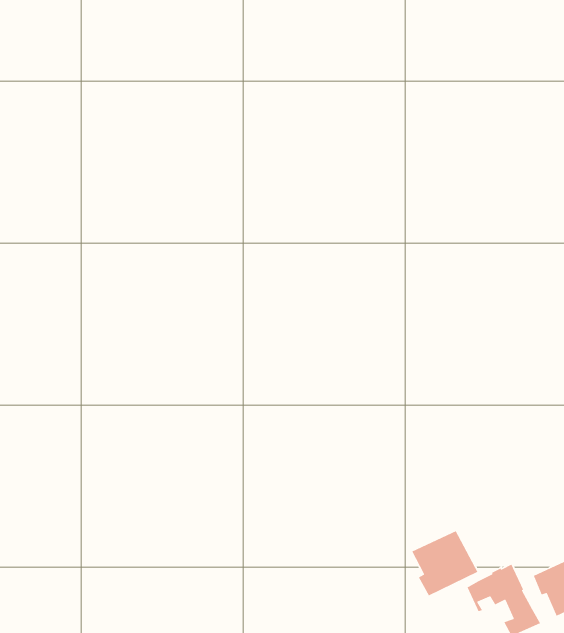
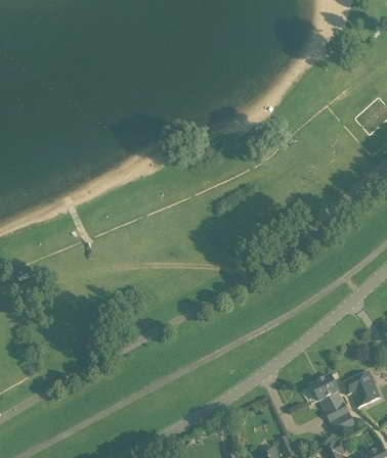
building: [411,530,479,597] -> none

